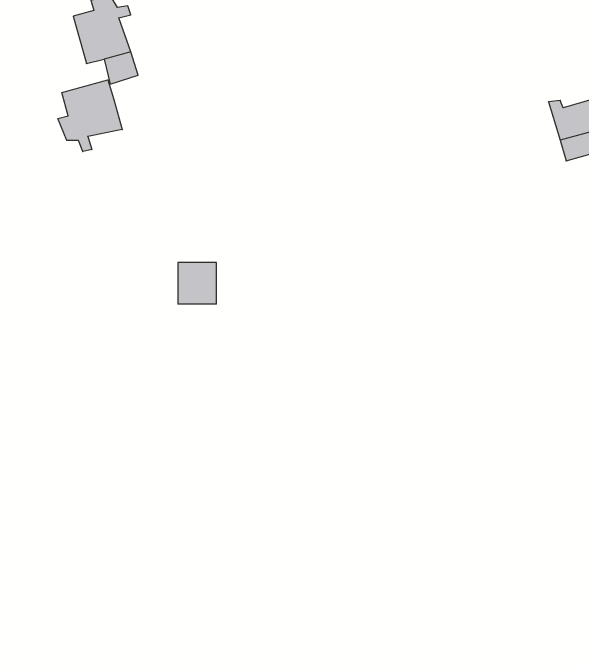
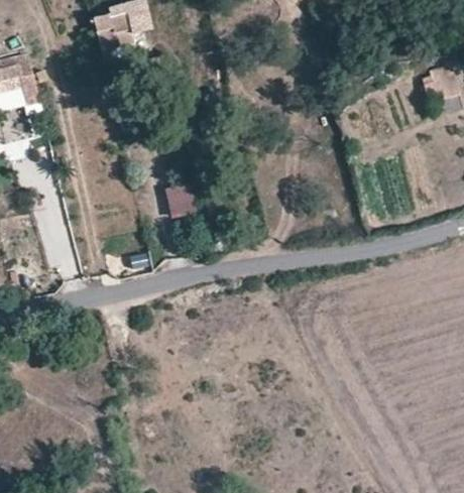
building: [58,80,122,152] -> none

